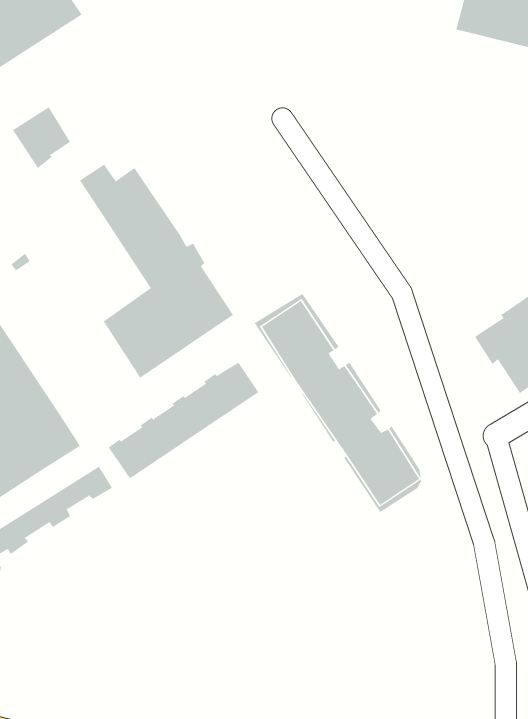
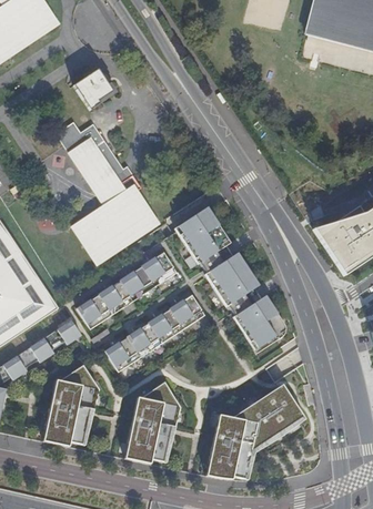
building: [12,107,71,169] -> [73,68,112,109]
building: none -> [104,294,204,371]
building: none -> [43,365,98,445]
building: none -> [123,381,180,461]
building: none -> [206,381,305,479]

